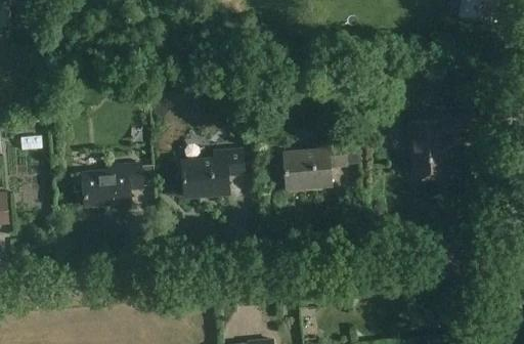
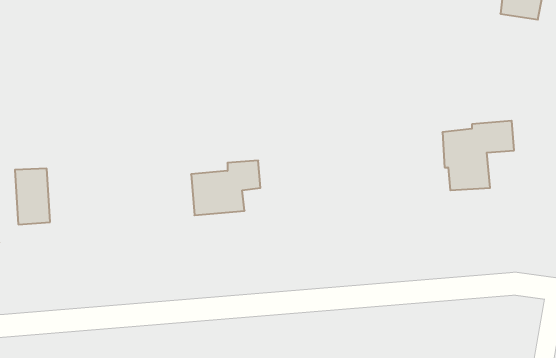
building: [283,139,356,188] -> none
building: [82,163,142,205] -> none

